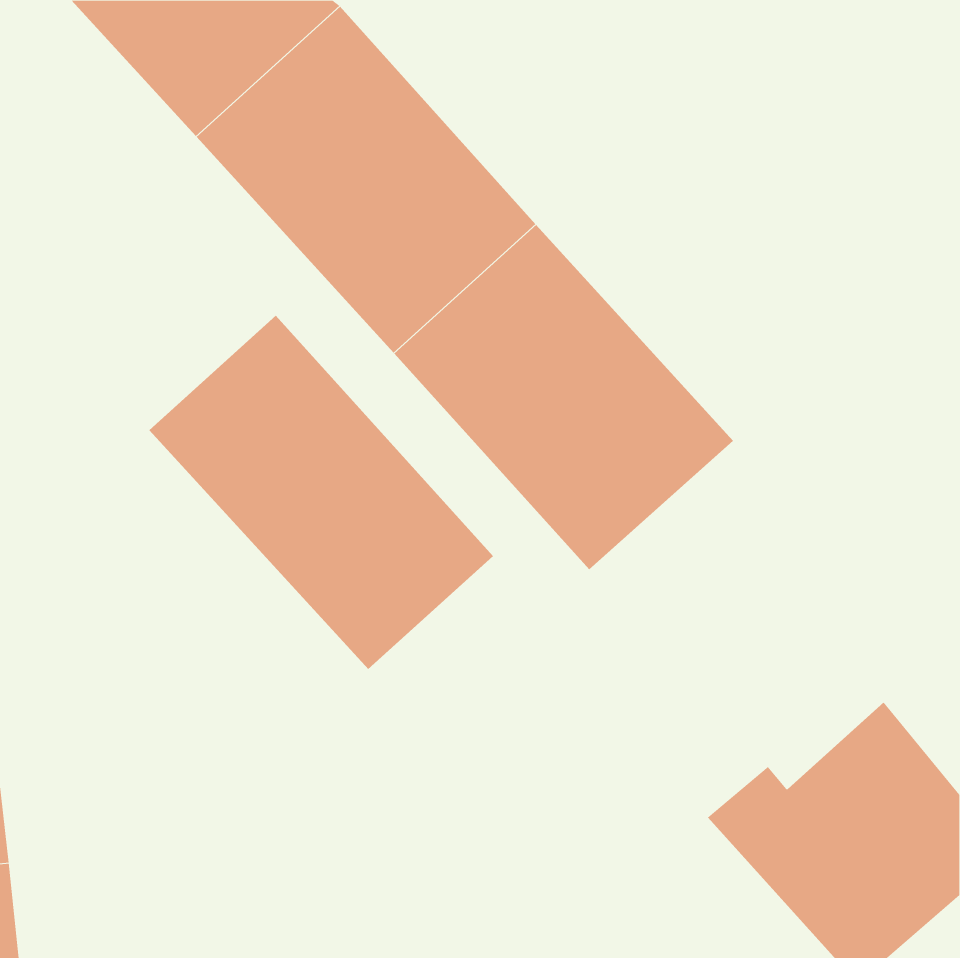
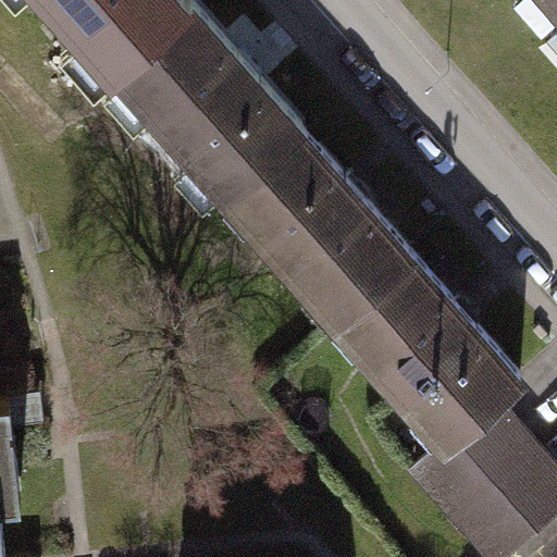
building: [148,315,494,670] -> none
building: none -> [337,260,533,459]

